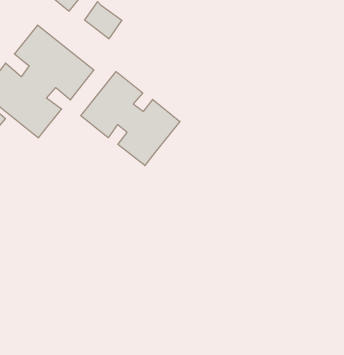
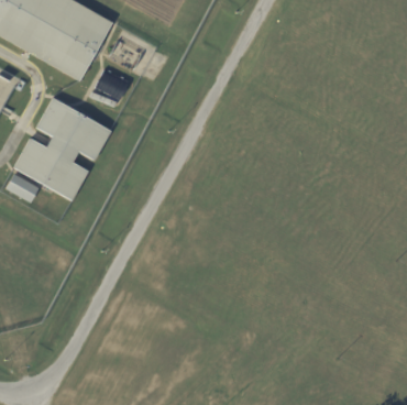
building: [81,72,180,166] -> none

